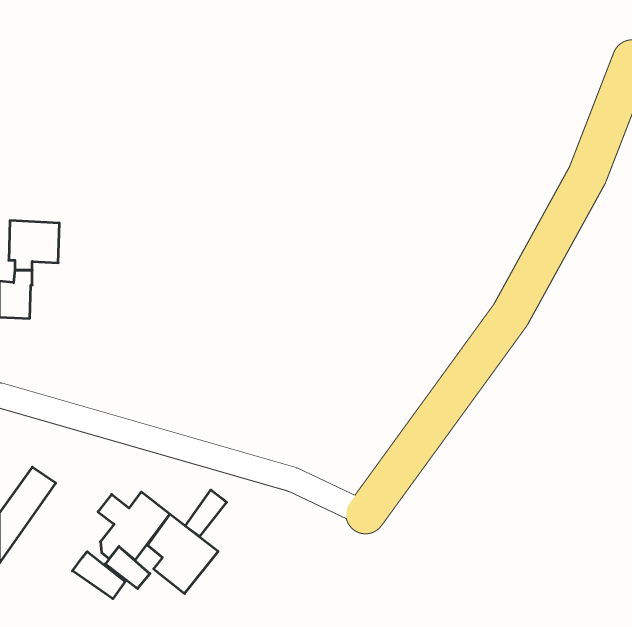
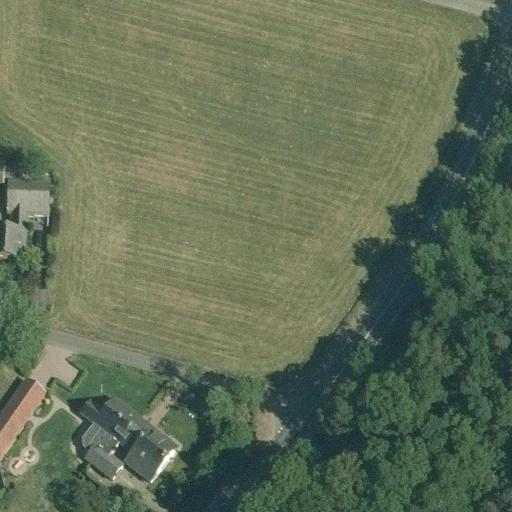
building: [185,490,227,536] -> none
building: [72,552,125,599] -> none

